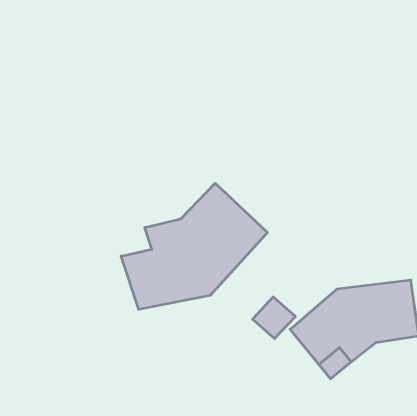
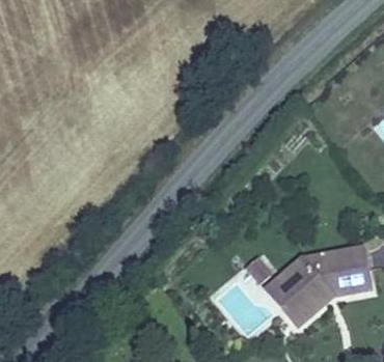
building: [121,183,267,309] -> none

